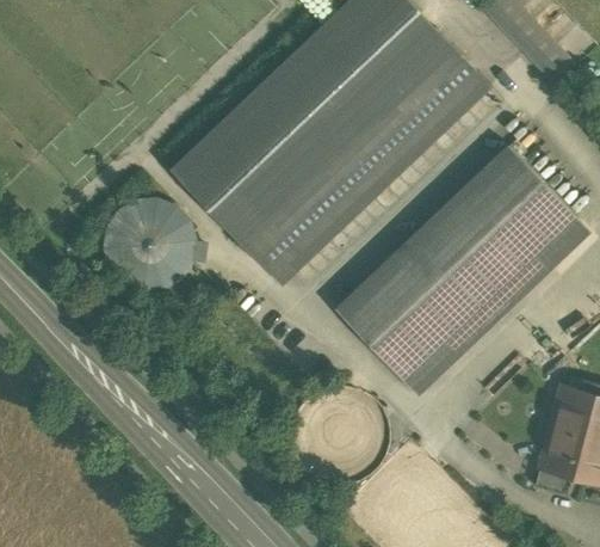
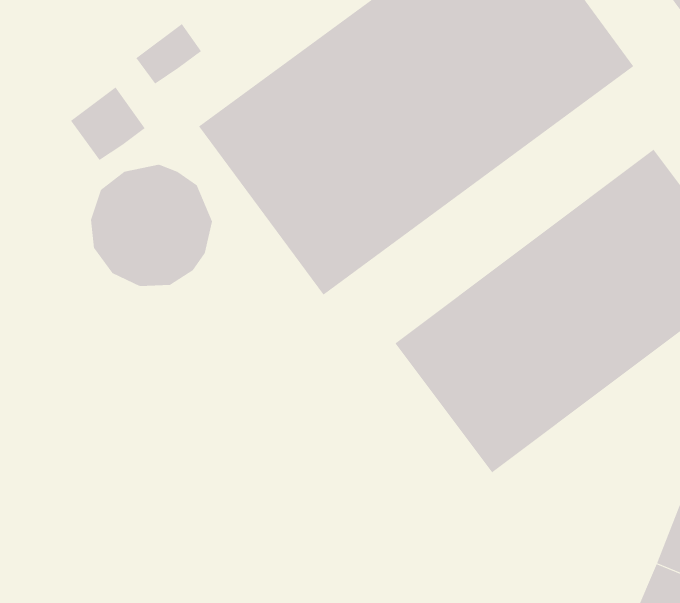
building: none -> [136,23,202,85]
building: none -> [70,87,146,161]

